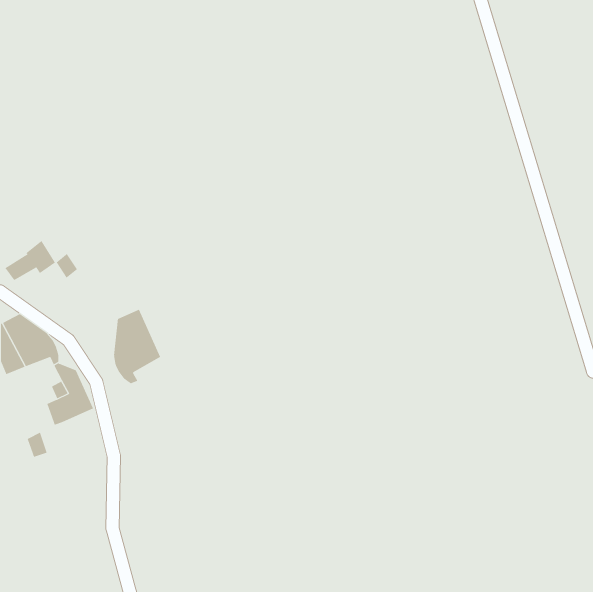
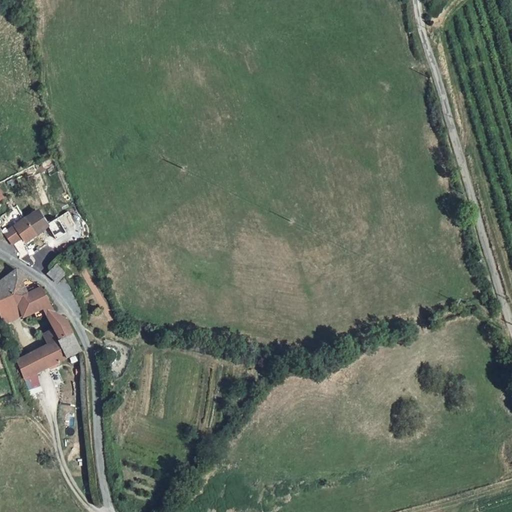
building: [114,309,161,384] -> none
building: none -> [16,348,47,378]

